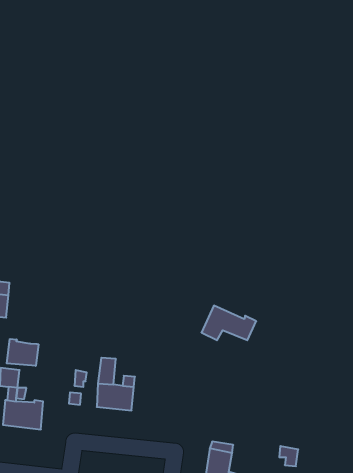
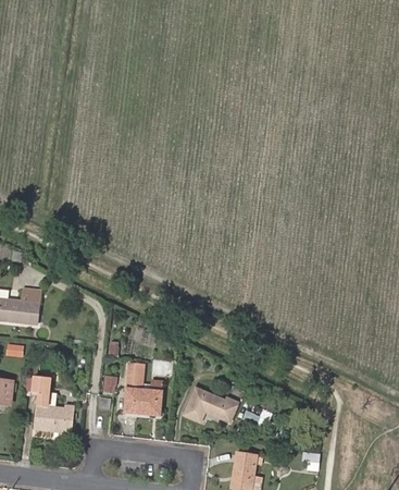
building: [201,306,256,340] -> [184,388,237,421]
building: [7,339,38,366] -> none

